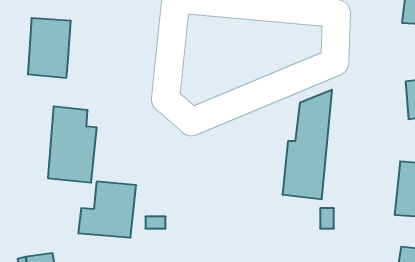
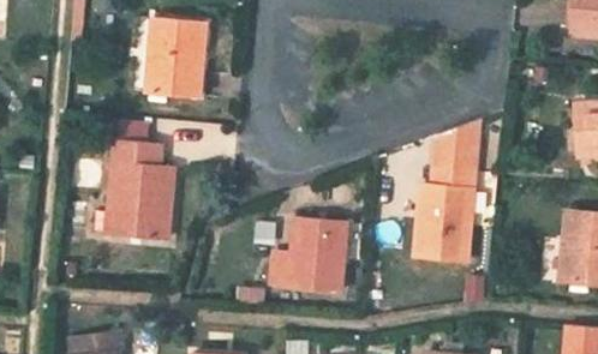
building: [28,18,71,78] -> [149,19,205,97]
building: [78,182,136,238] -> [270,218,346,292]

